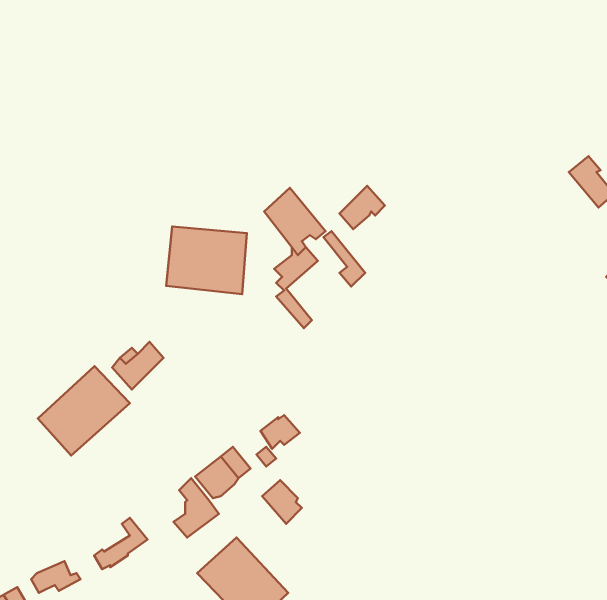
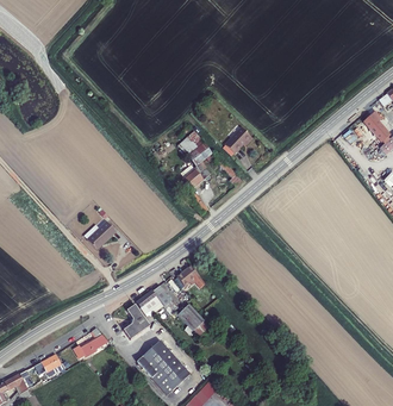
building: [166,227,247,294] -> none
building: [38,366,130,455] -> none

